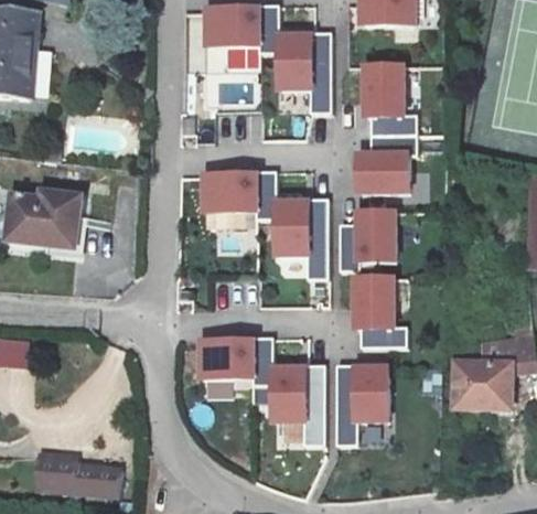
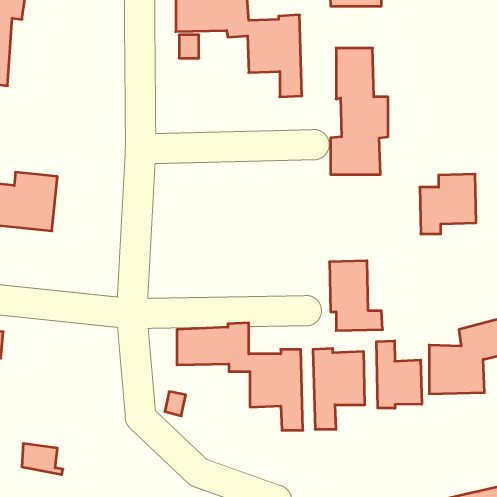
building: [201,173,326,279] -> none
building: [336,210,393,269] -> [420,174,476,234]
building: none -> [376,341,422,408]
building: [80,456,126,489] -> none

